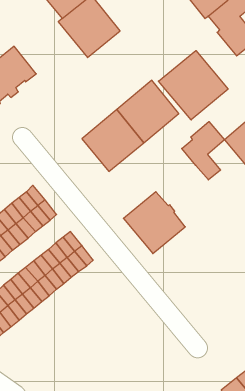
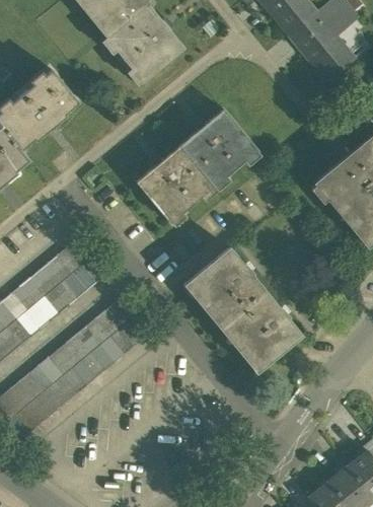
building: [158,51,228,120] -> none
building: [182,122,224,180] -> none
building: none -> [223,293,300,370]

